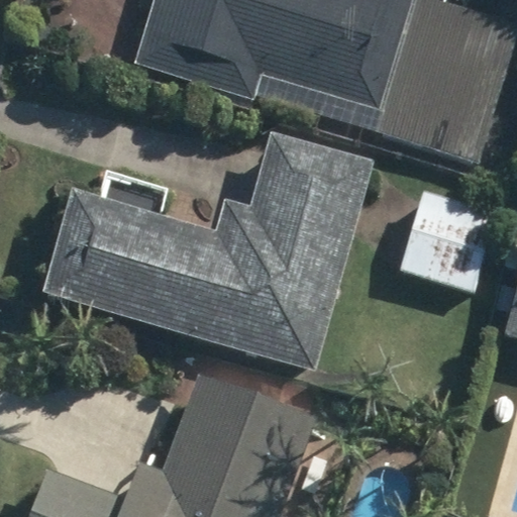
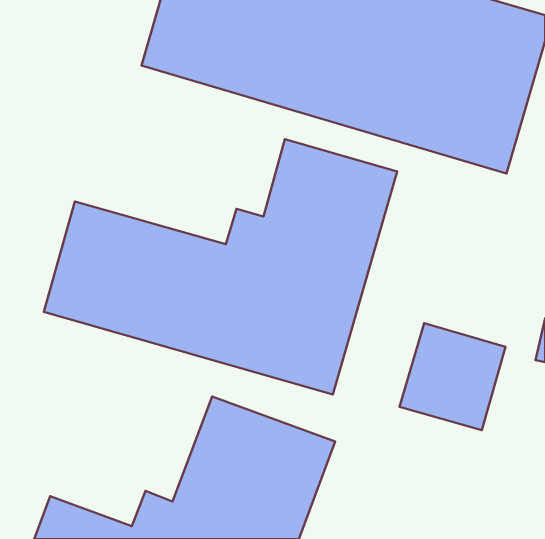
building: [397,190,497,291] -> [399,323,505,430]

